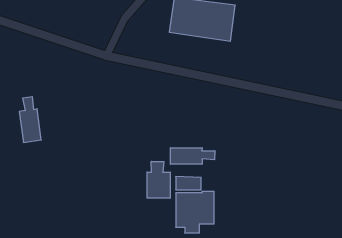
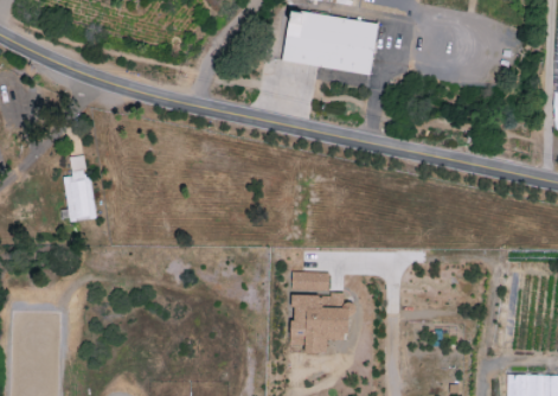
building: [170,148,215,164] -> none
building: [147,161,170,198] -> none

